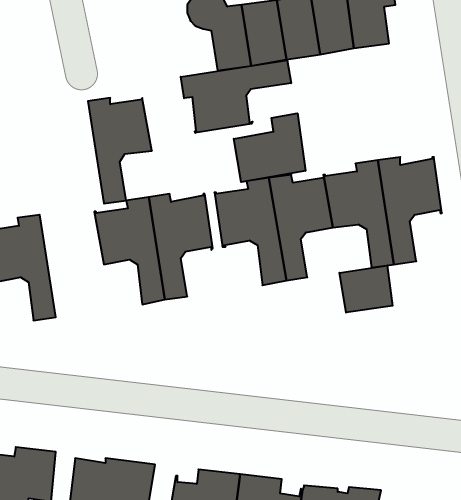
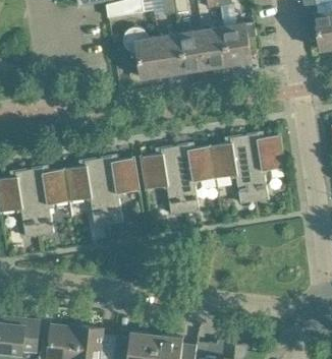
building: [181,60,291,133] -> none
building: [88,98,152,204] -> [30,168,70,235]
building: [234,113,305,182] -> none
building: [339,265,393,313] -> none

